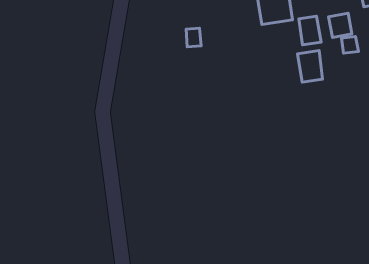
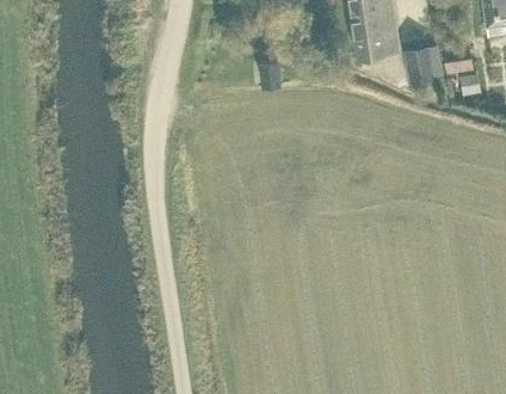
building: [298,50,323,82] -> none

